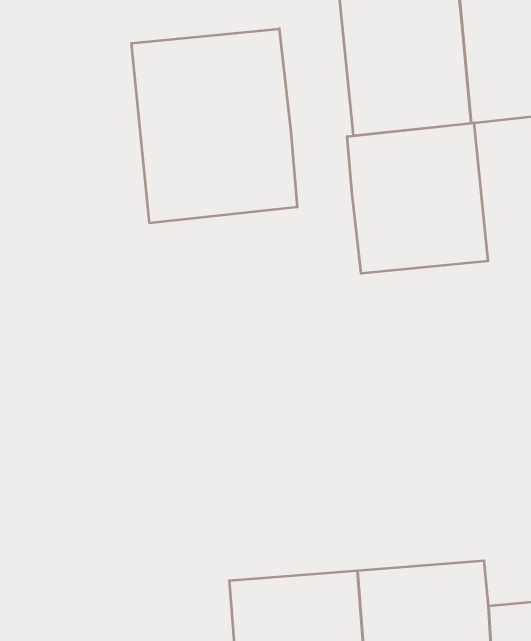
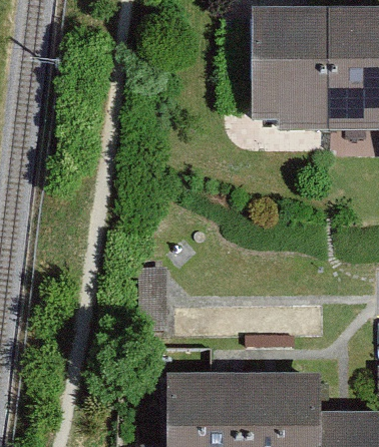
building: [131,29,297,223] -> none
building: [347,123,488,273] -> none

